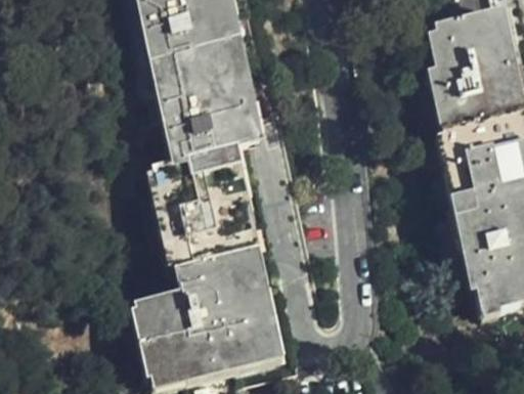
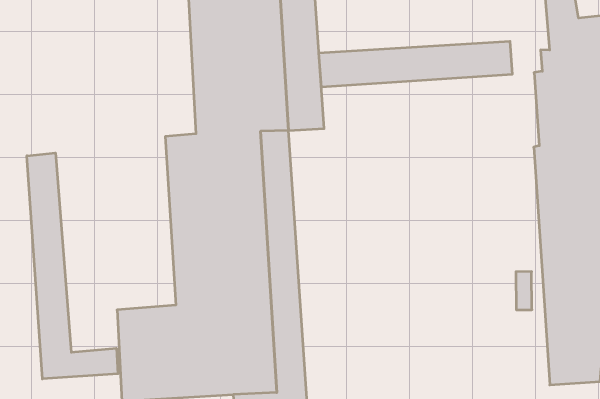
building: none -> [319,41,512,87]
building: none -> [27,153,118,379]

